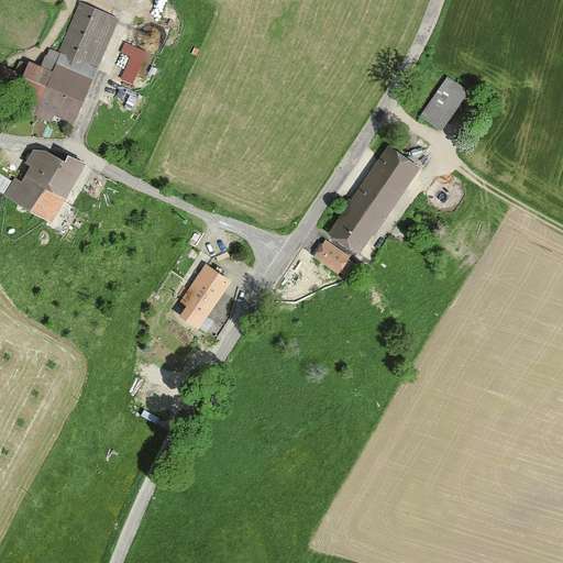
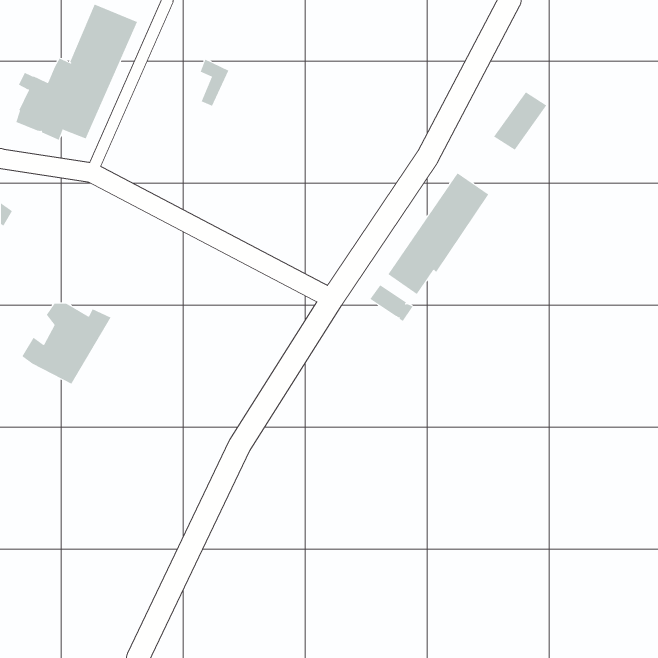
building: [121,42,146,82] -> [200,59,229,107]
building: [7,151,84,220] -> [22,303,112,384]
building: [184,267,228,330] -> none

